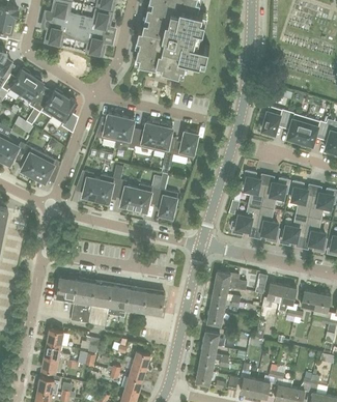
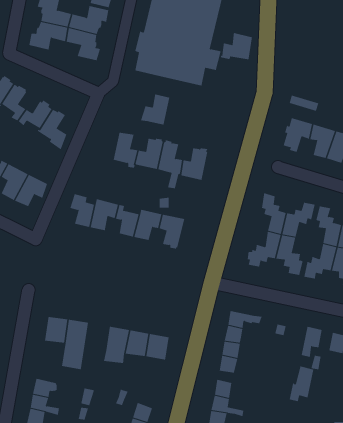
building: none -> [221,32,252,60]
building: [95,115,121,142] -> [140,94,170,125]
building: [89,282,113,325] -> none
building: [261,282,283,313] -> [289,366,314,402]

